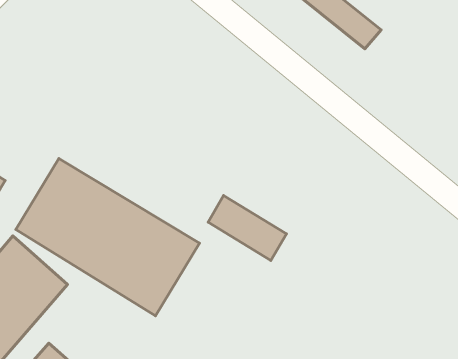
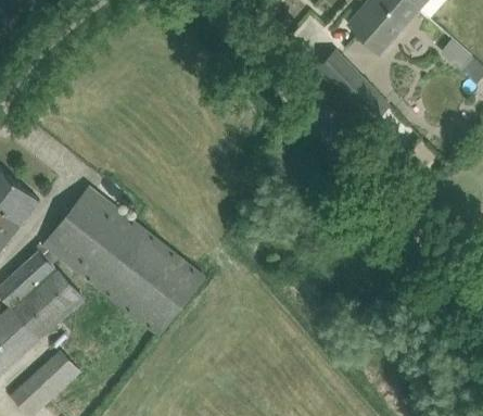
building: [208,196,286,260] -> none

